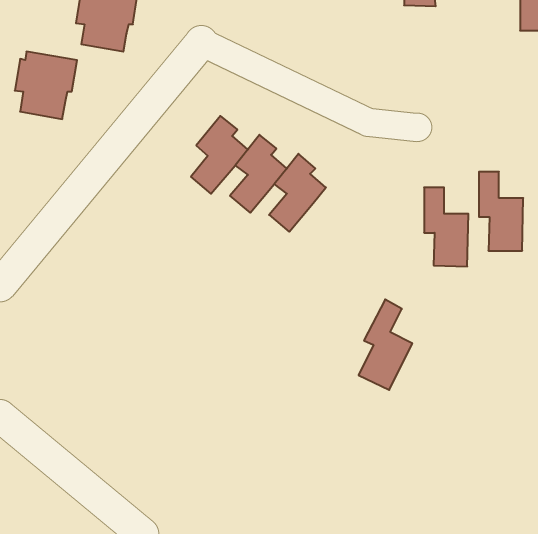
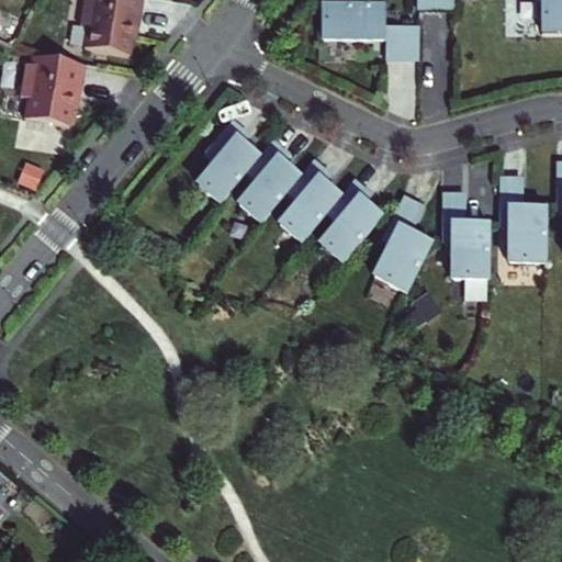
building: none -> [324,4,419,58]
building: none -> [322,181,381,261]
building: [359,299,412,390] -> [375,196,431,291]

